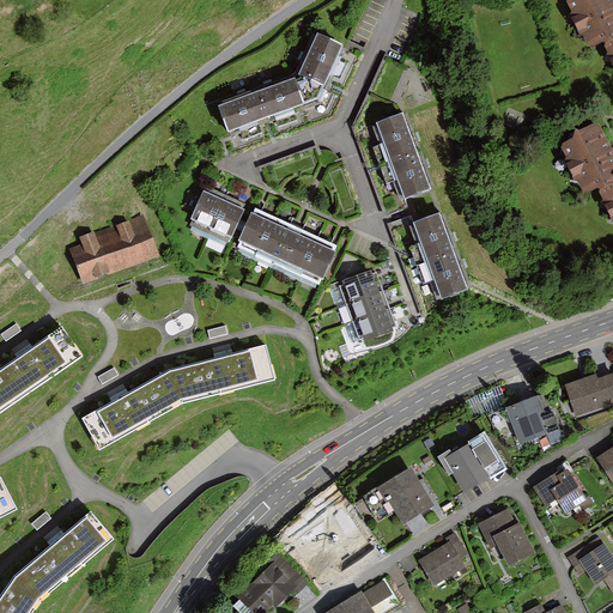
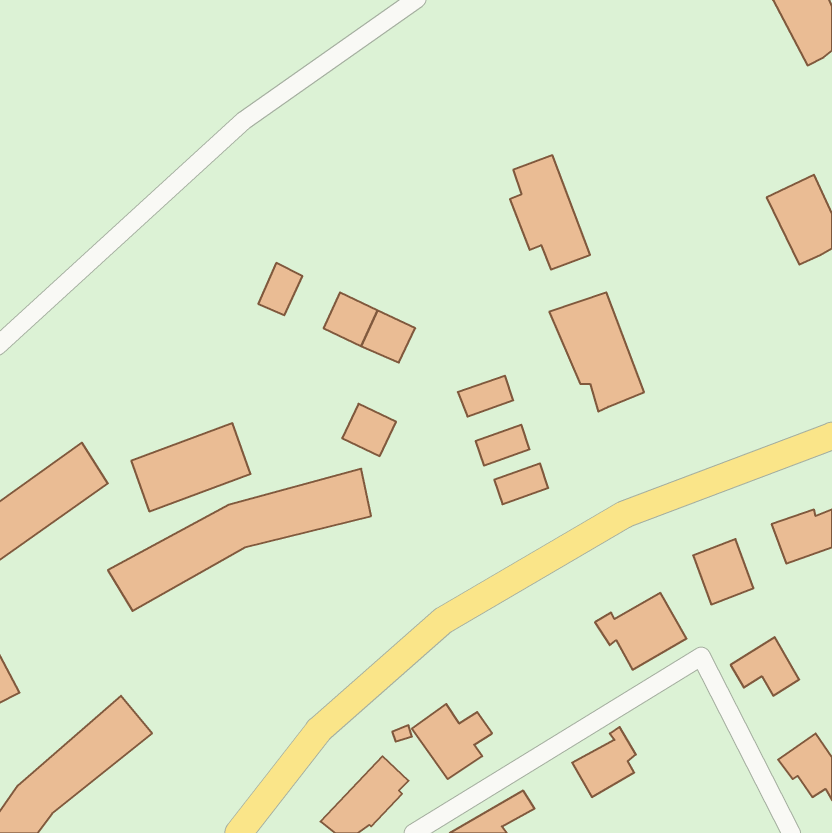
building: [220,35,345,132] -> none
building: [208,202,241,241] -> none
building: [68,217,156,281] -> [131,423,251,511]
building: [292,241,332,279] -> [342,404,396,456]
building: [342,293,382,323] -> [494,463,548,504]
building: [383,469,432,521] -> none
building: [480,508,534,564] -> none

